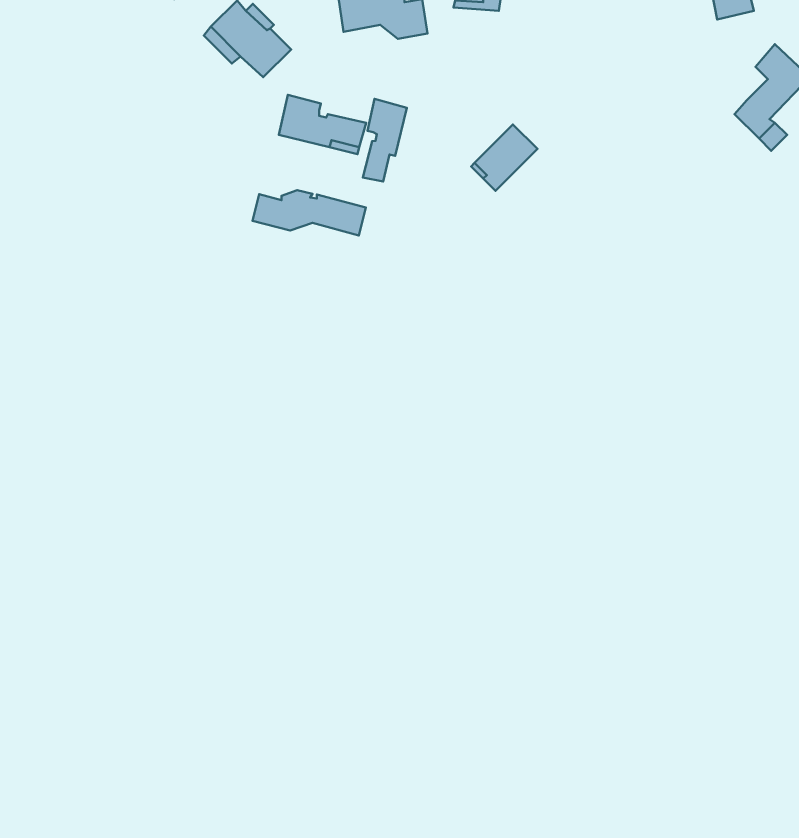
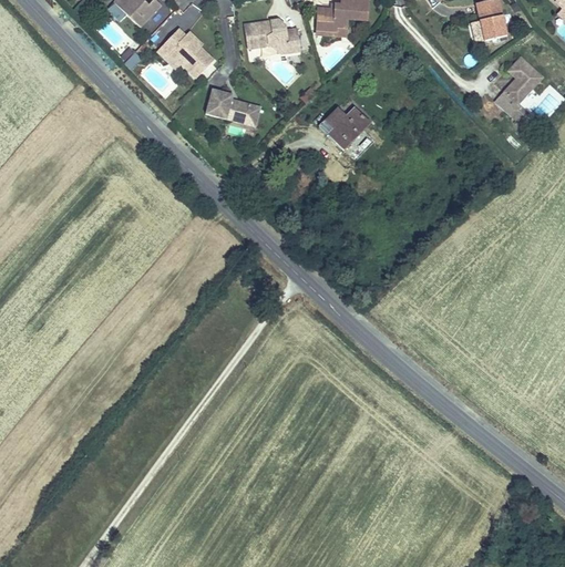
building: [363,99,407,181] -> none
building: [253,190,366,236] -> none

